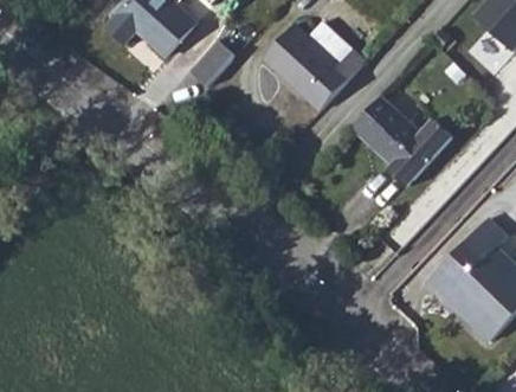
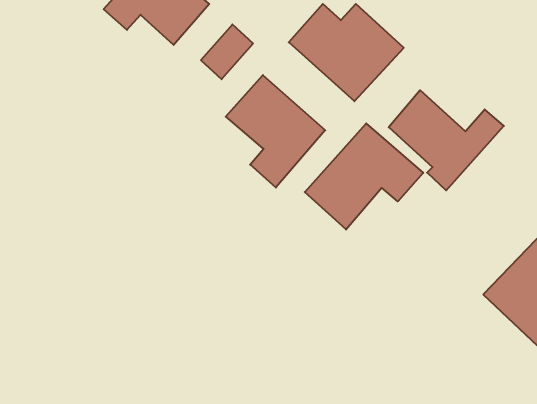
building: none -> [226,75,325,188]
building: none -> [305,123,423,230]

